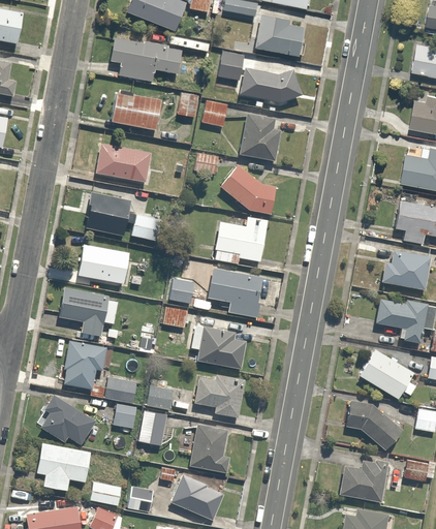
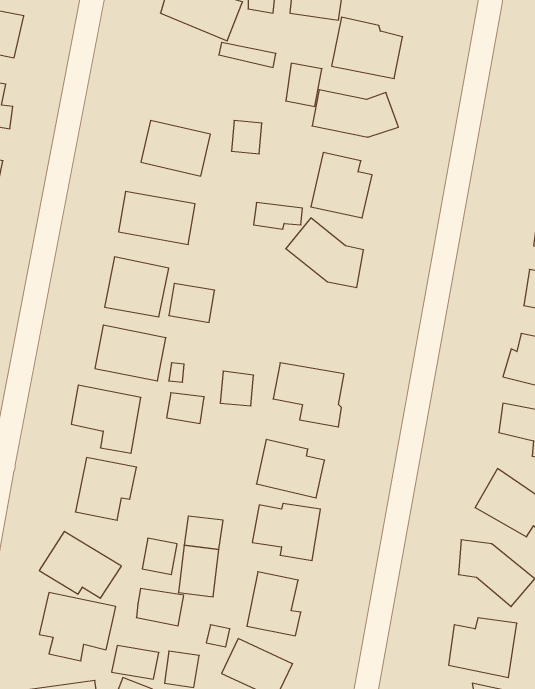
building: [111,38,183,84] -> none
building: [201,98,228,126] -> none
building: [214,218,267,266] -> none
building: [161,305,189,328] -> [167,393,204,423]
building: [104,375,139,403] -> [136,588,184,626]

